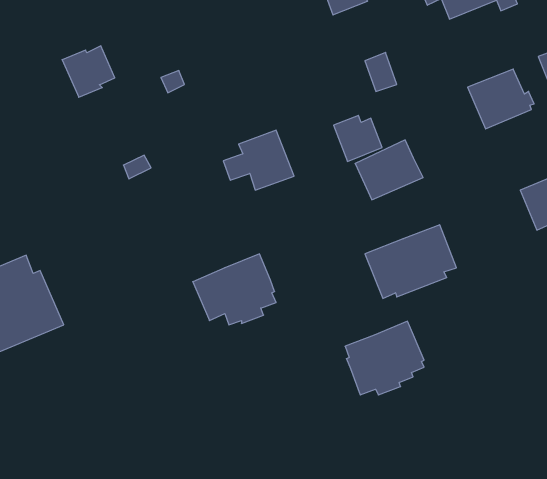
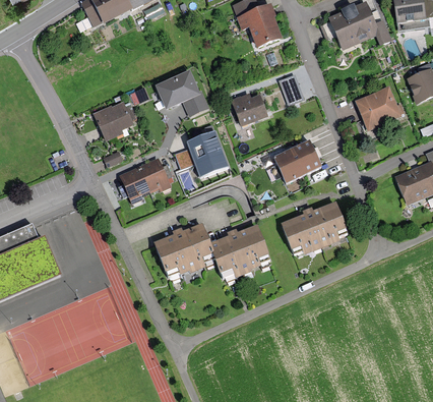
building: none -> [154,70,209,117]
building: [62,46,115,97] -> [94,103,132,140]
building: [334,115,382,161] -> [232,94,267,127]
building: none -> [118,161,172,205]
building: [345,321,424,395] -> [210,224,268,278]

